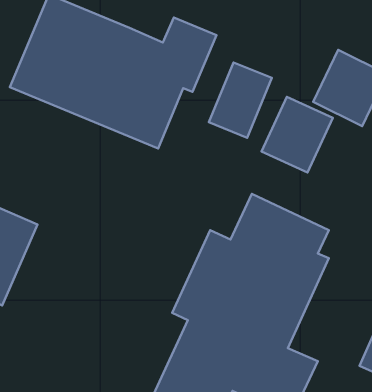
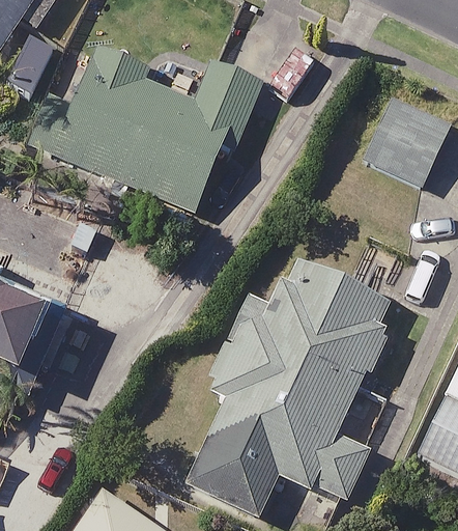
building: [209,62,272,138] -> none
building: [262,97,333,172] -> none

